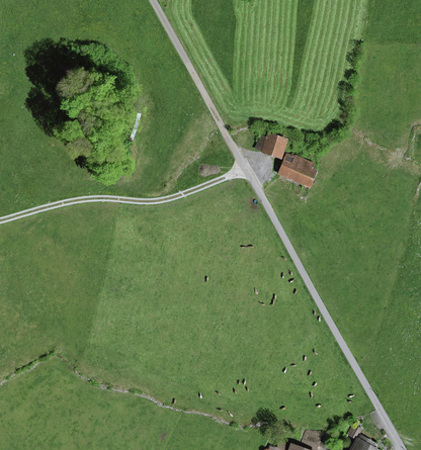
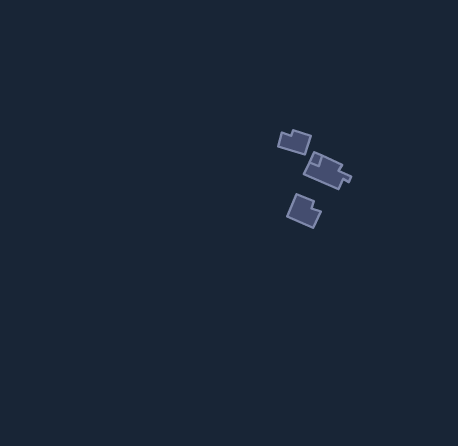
building: none -> [287,194,321,228]

